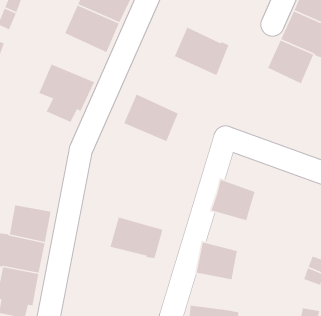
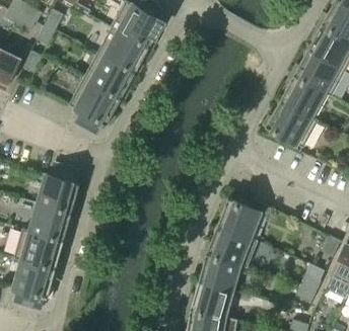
building: [174,26,230,76] -> [266,100,318,148]
building: [123,94,179,142] -> [83,53,135,99]
building: none -> [39,164,80,214]
building: [110,216,164,259] -> [207,226,258,267]
building: none -> [191,281,231,317]

